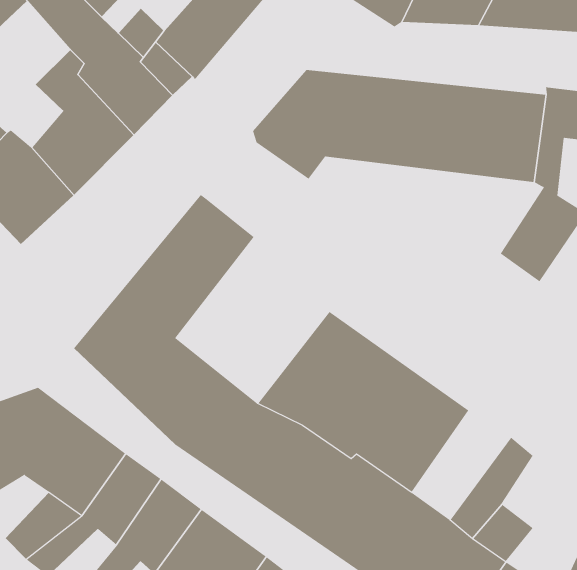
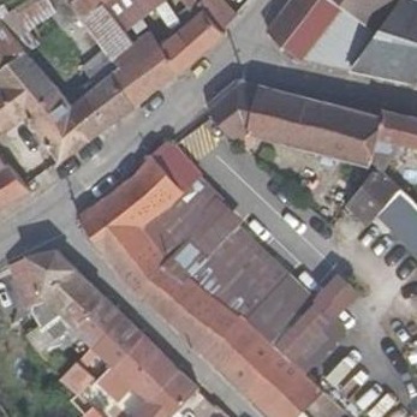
building: none -> [144,177,238,276]
building: none -> [273,273,361,362]

